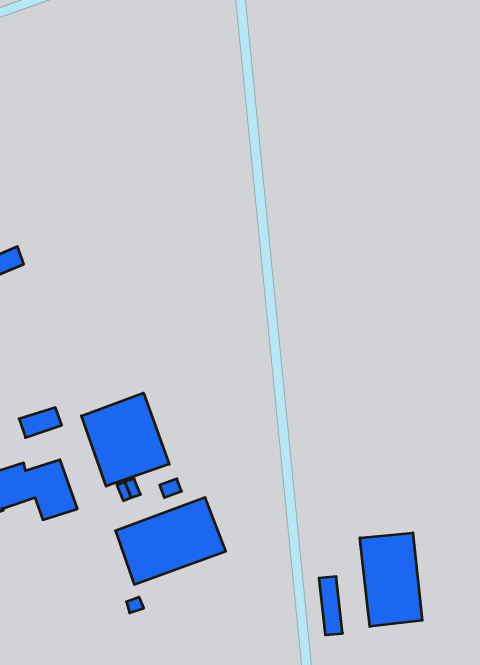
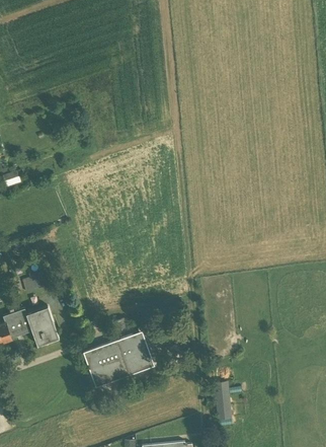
building: [81,393,169,486] -> none
building: [360,533,422,627] -> none

